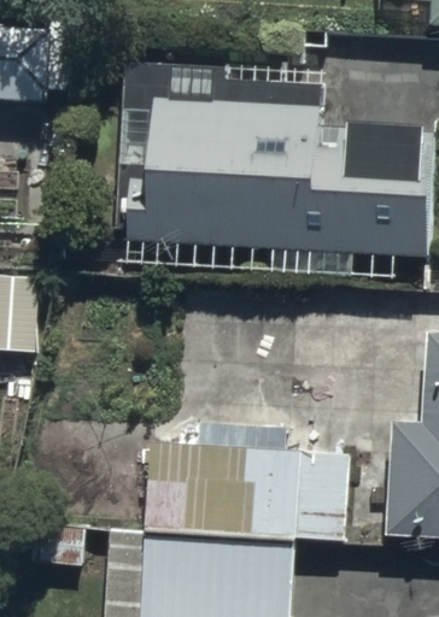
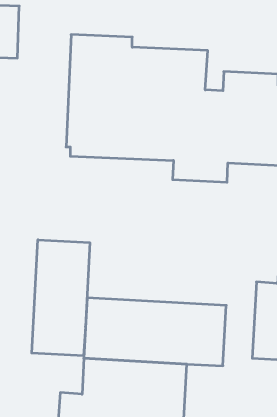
building: none -> [32,240,90,356]

